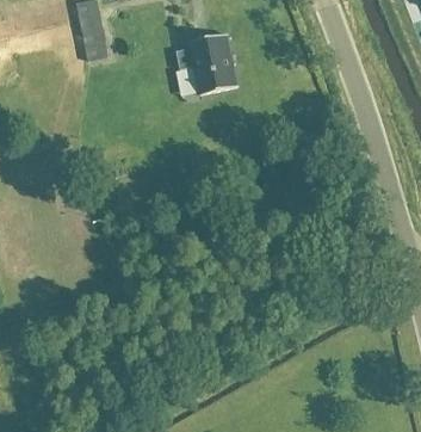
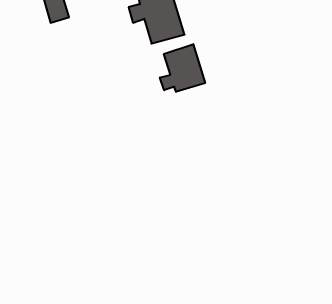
building: none -> [160,44,205,92]

